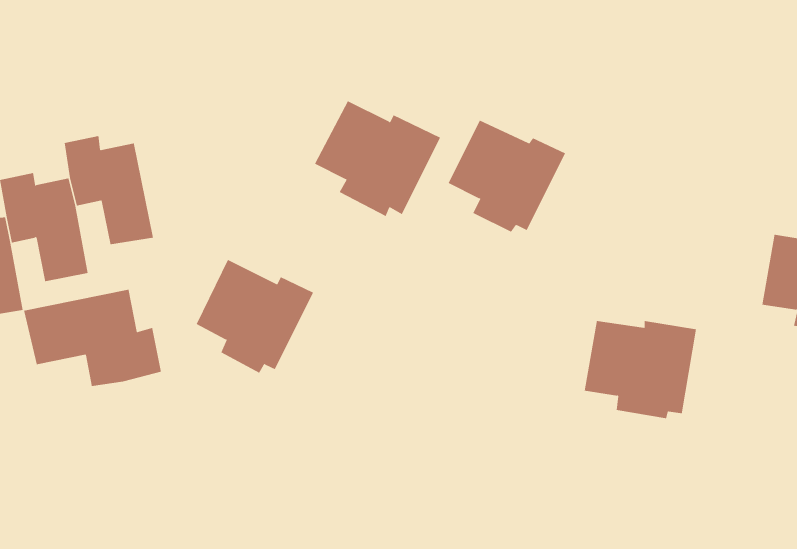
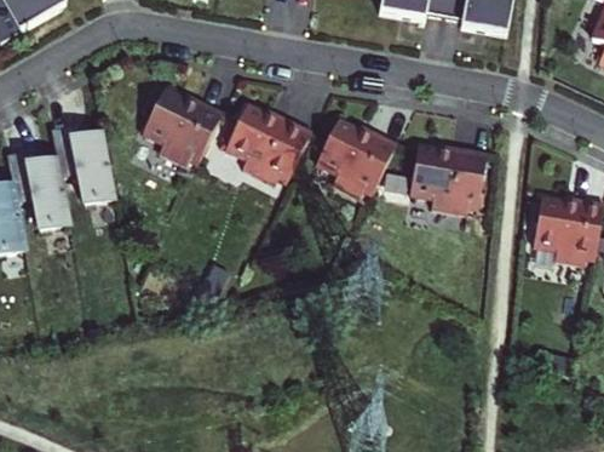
building: [196,259,314,374] -> [142,88,223,167]
building: [23,289,161,387] -> none
building: [584,320,697,419] -> [409,147,487,214]

